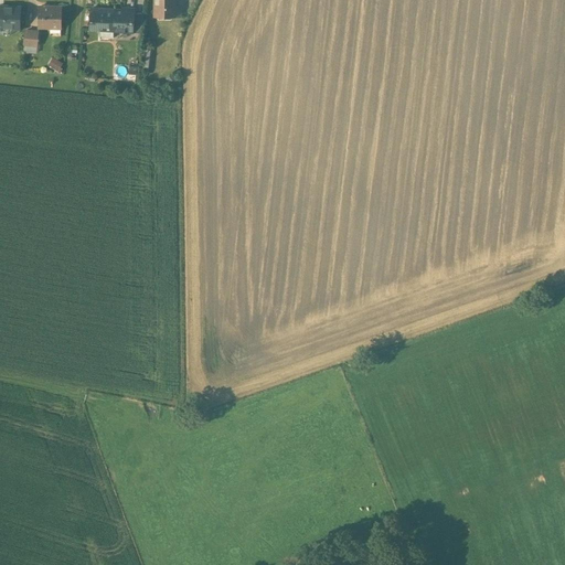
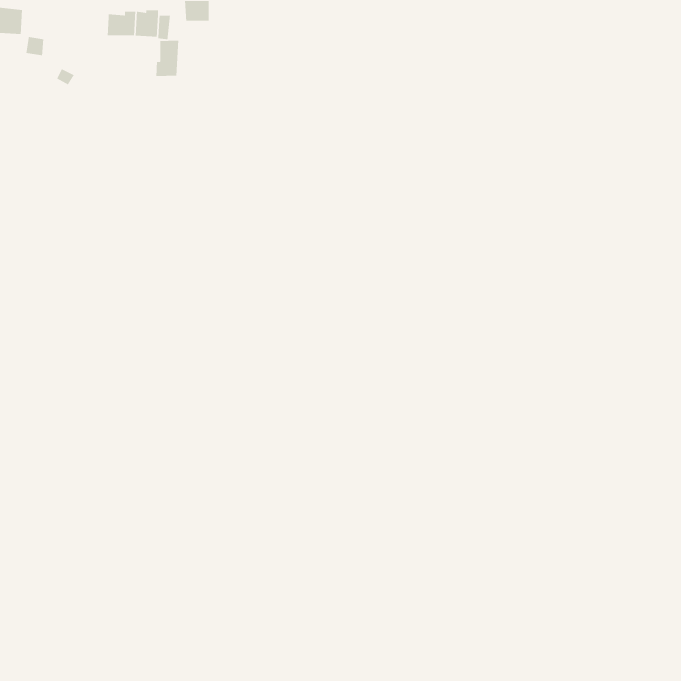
building: [36,8,60,29] -> none
building: none -> [155,40,179,77]

